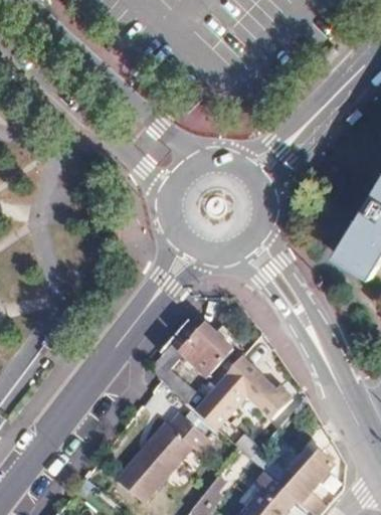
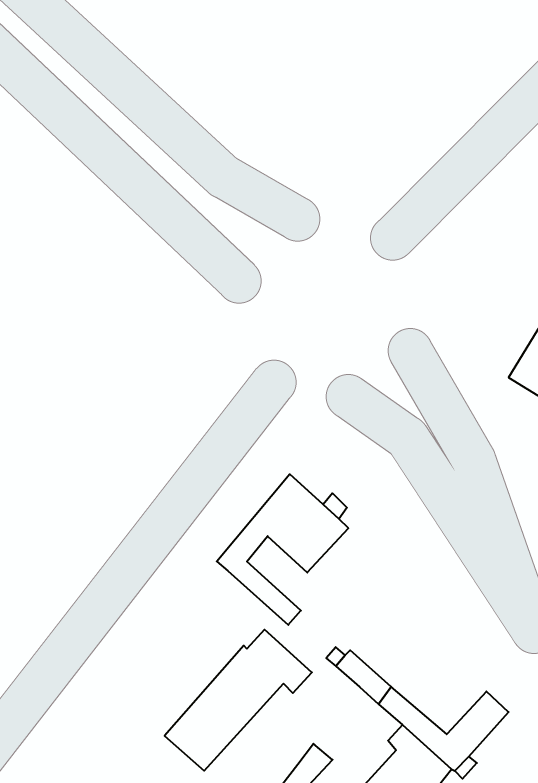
building: [193,351,294,424] -> none

